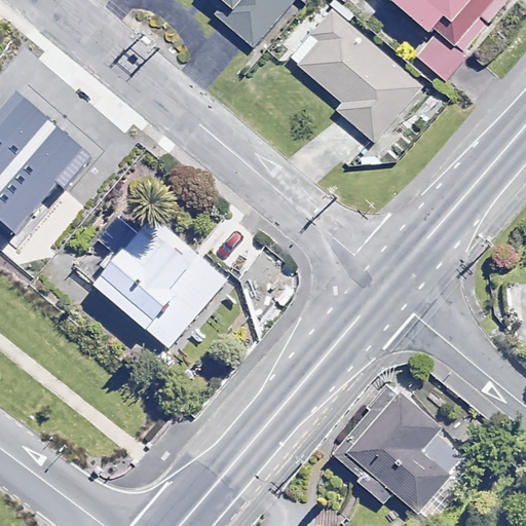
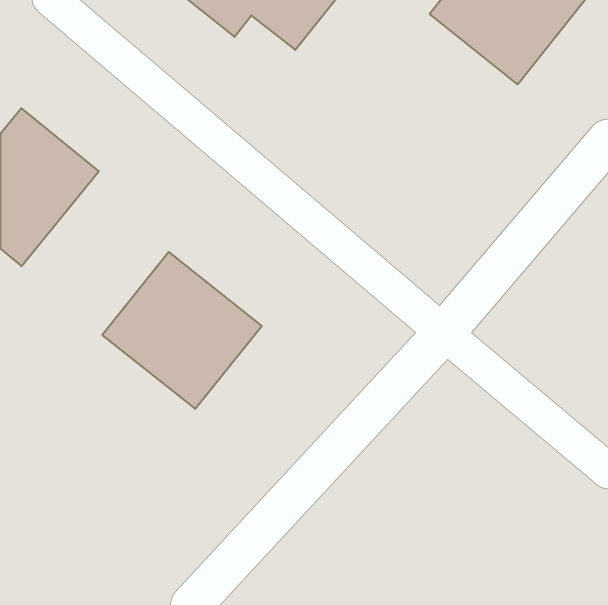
building: [291,12,419,134] -> none
building: [337,384,467,511] -> none

